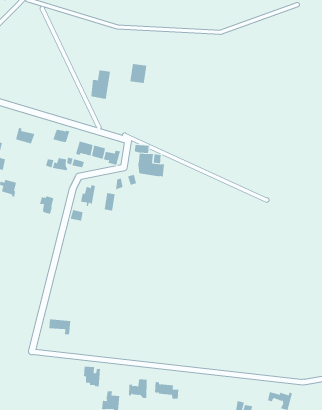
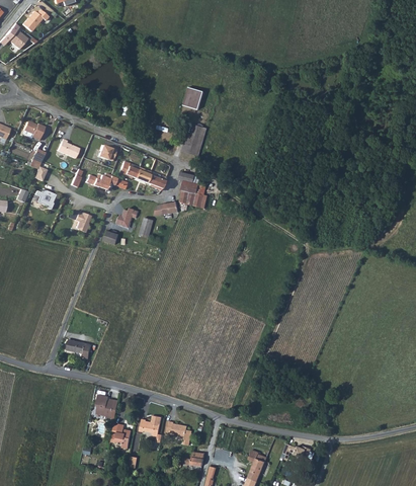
building: [90,70,111,99] -> [182,124,206,155]

